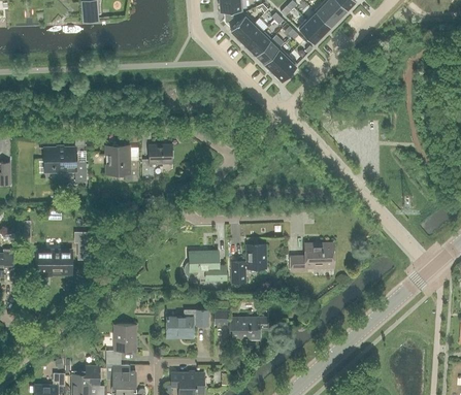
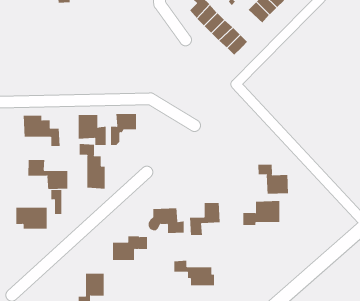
building: none -> [79,143,105,189]
building: none -> [28,159,68,190]
building: none -> [258,164,289,194]
building: [167,310,207,338] -> [112,236,148,260]

